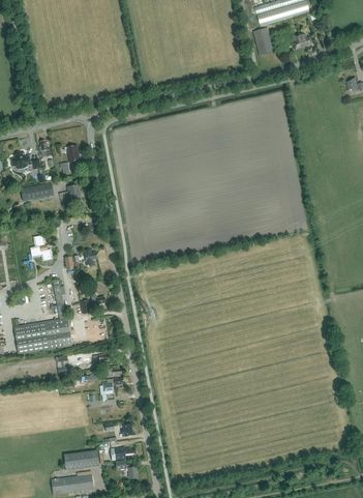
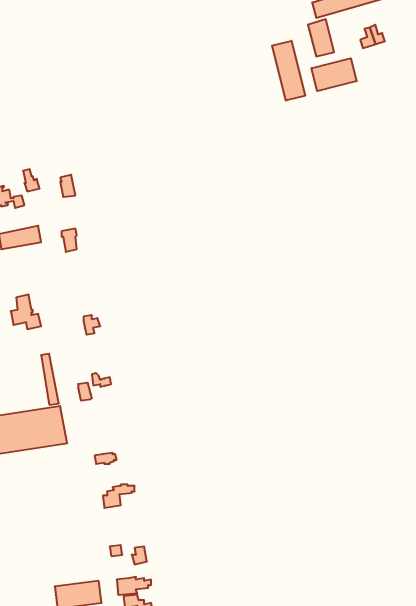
building: none -> [272,41,305,101]
building: none -> [312,58,357,91]

